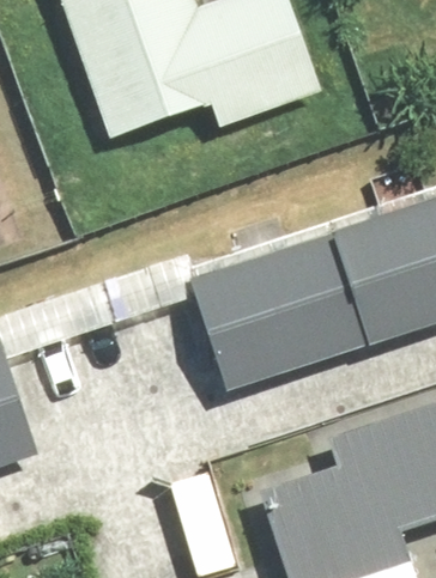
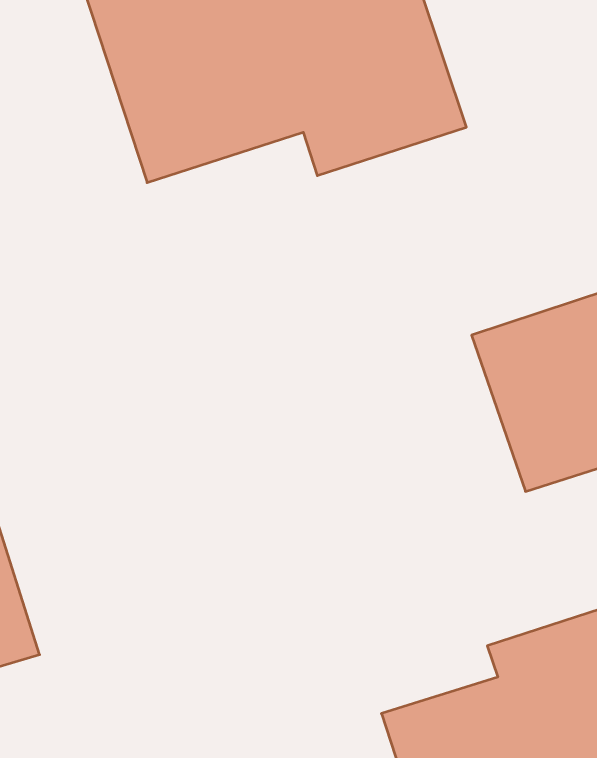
building: [190,233,368,389] -> none

